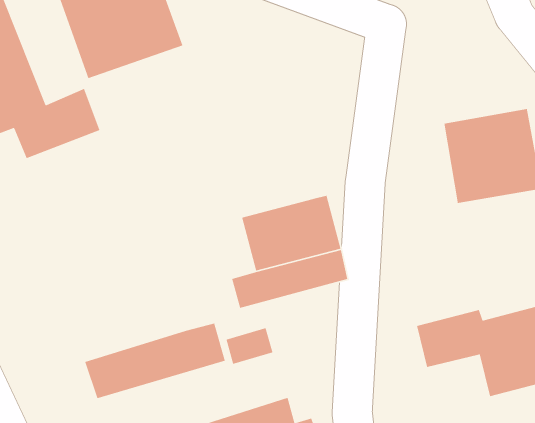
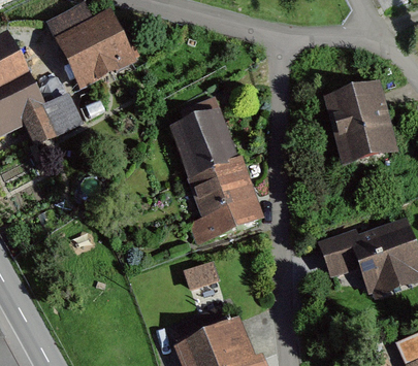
building: none -> [172,114,237,180]
building: [84,323,226,399] -> none

